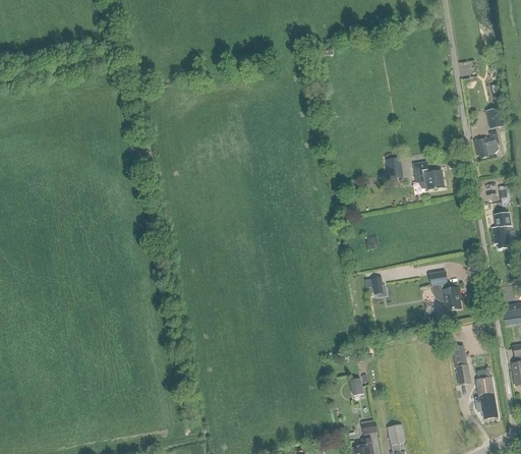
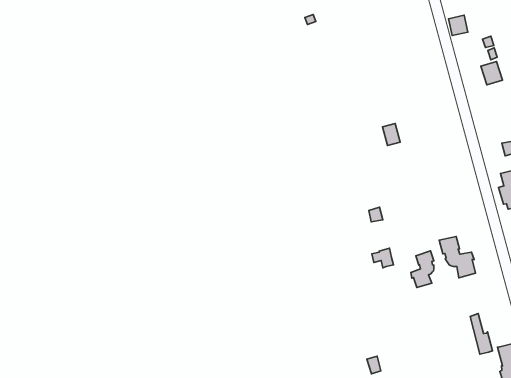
building: [472,129,498,157] -> none
building: [413,161,443,188] -> none
building: none -> [411,251,434,288]

